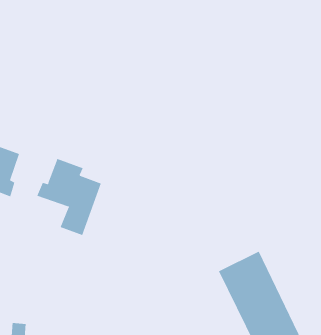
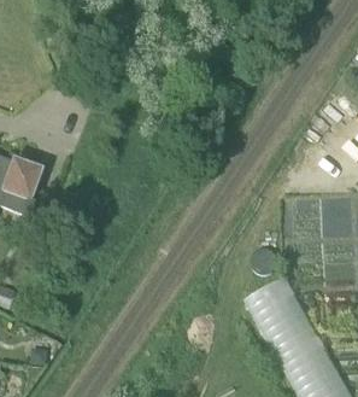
building: [37,158,102,236] -> none

